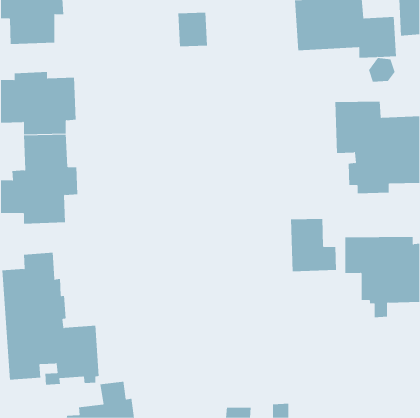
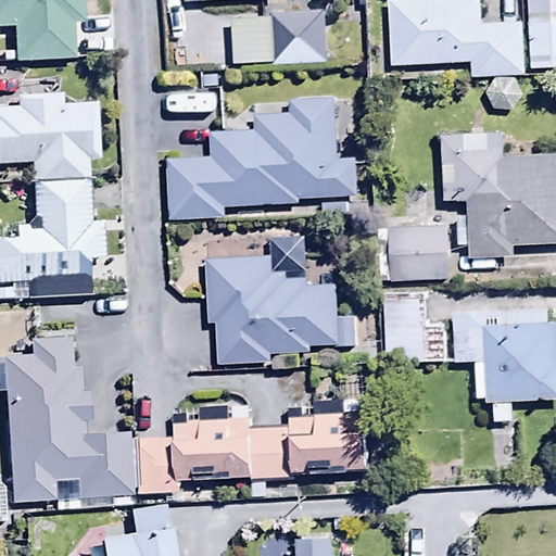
building: none -> [273,11,329,64]
building: none -> [167,99,356,219]
building: none -> [390,226,452,281]
building: none -> [206,237,355,364]
building: none -> [135,406,366,496]

